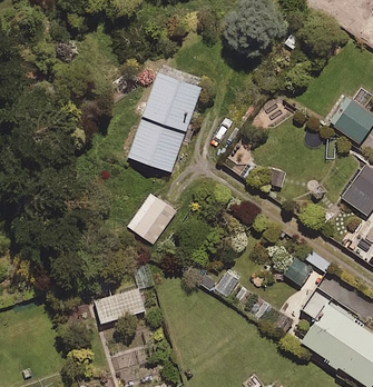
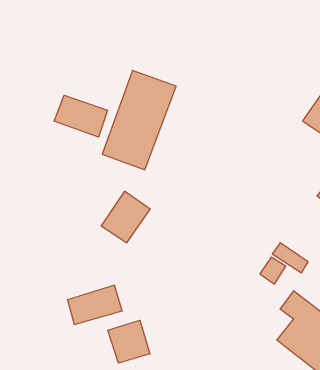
building: none -> [54,95,108,137]
building: none -> [108,320,150,363]

